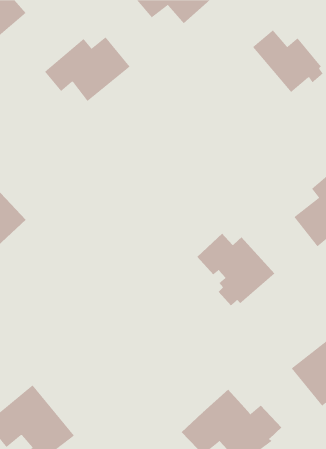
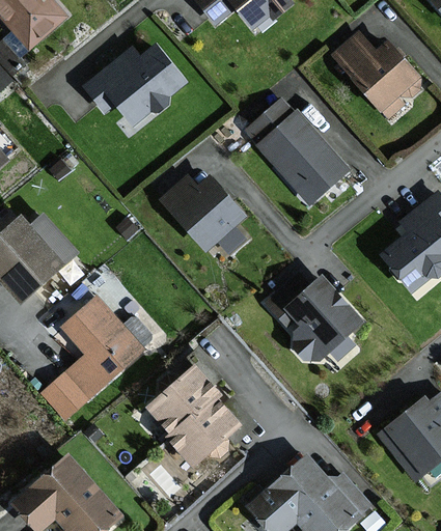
building: none -> [247,101,344,203]
building: none -> [165,173,247,246]
building: none -> [44,299,143,417]
building: none -> [154,363,241,463]

